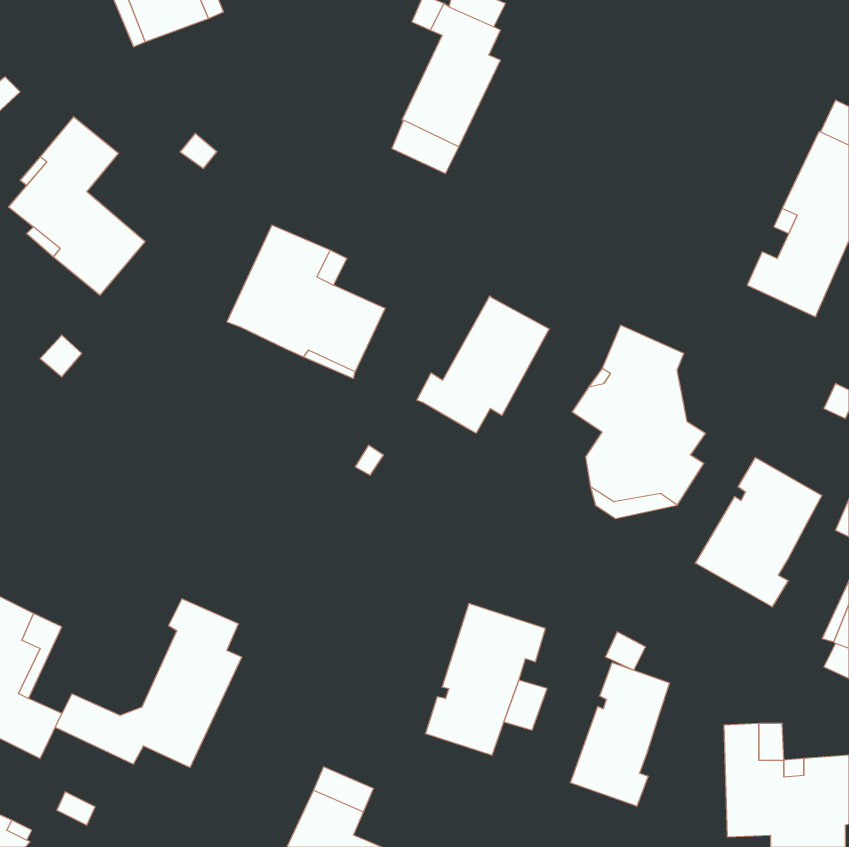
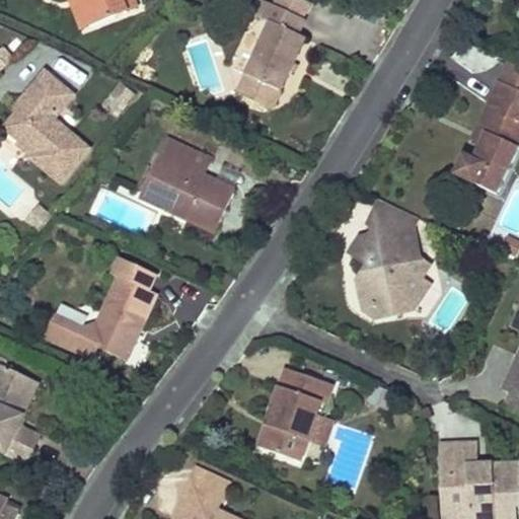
building: [417,296,549,433] -> none
building: [695,458,822,607] -> none
building: [55,599,242,767] -> [43,257,156,360]
building: [570,663,670,806] -> none

